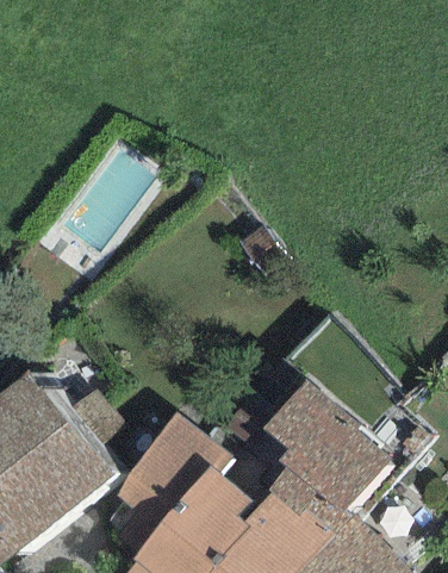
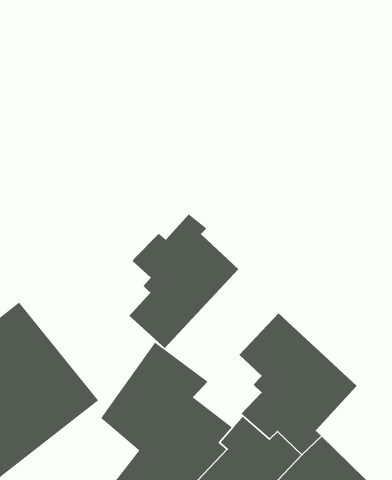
building: none -> [129,214,239,349]

